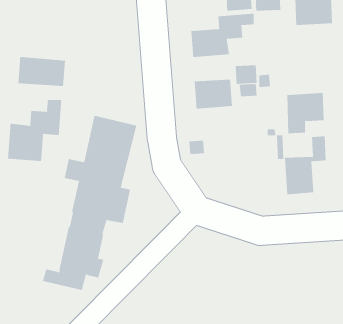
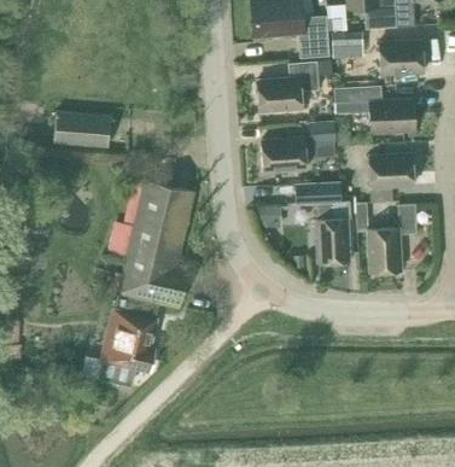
building: none -> [334,86,415,133]
building: [7,99,62,162] -> none
building: none -> [294,182,350,263]

